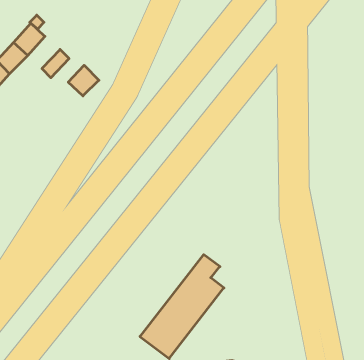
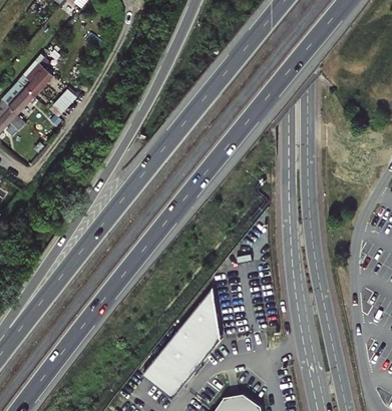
building: [68,65,99,96] -> none

